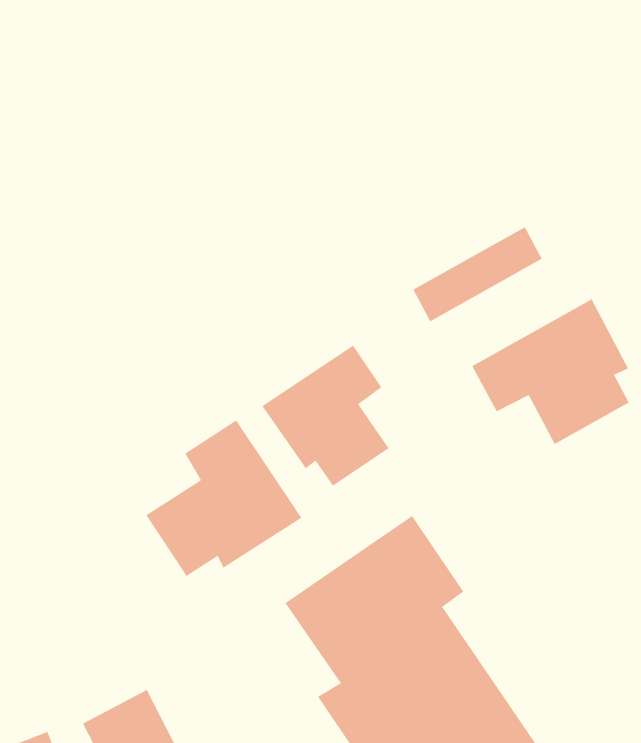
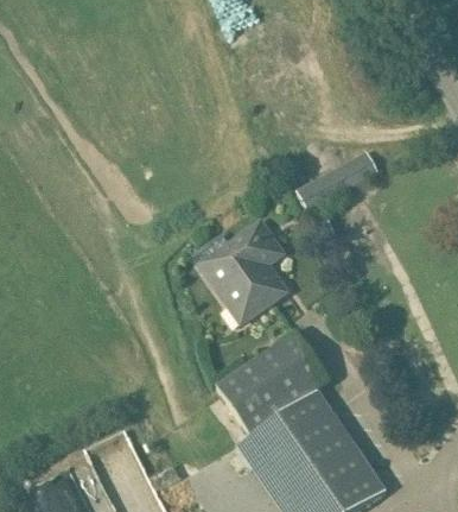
building: [472,299,630,445] -> none
building: [145,419,302,577] -> none

